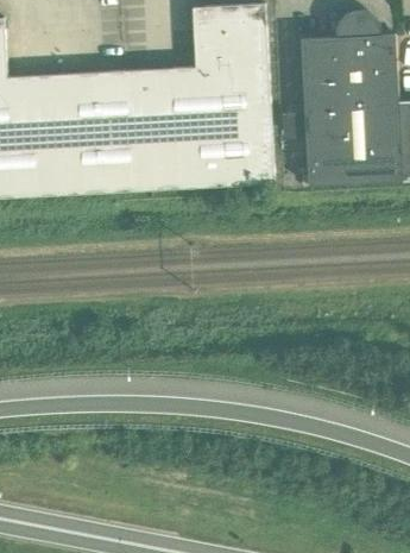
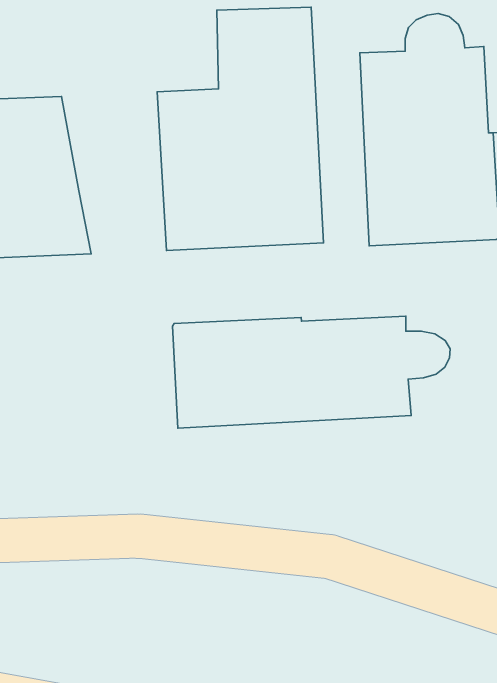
building: [76,70,156,193] -> none
building: none -> [173,316,450,428]

